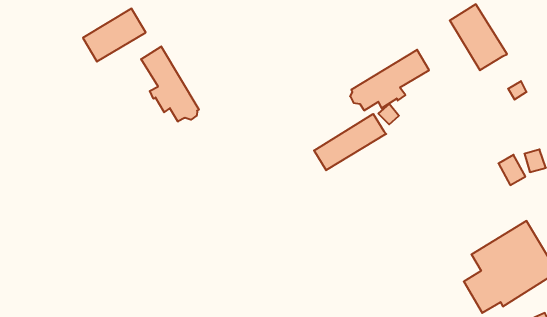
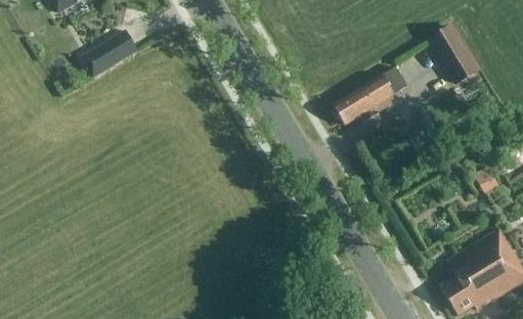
building: [141,46,199,122] -> none
building: [314,114,386,170] -> none

